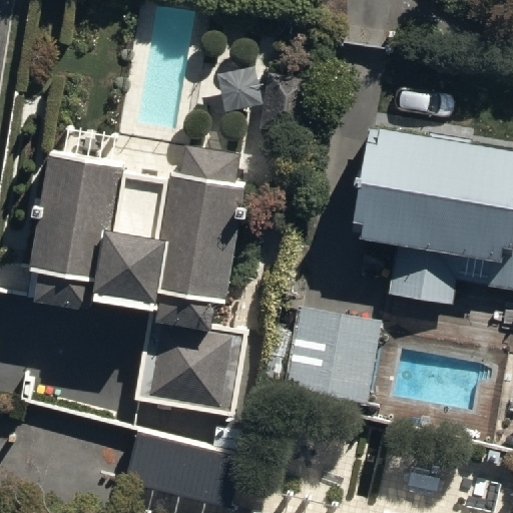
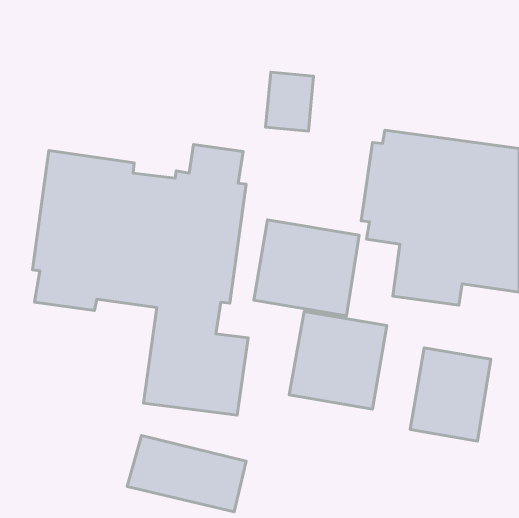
building: none -> [254,220,359,316]
building: none -> [410,348,491,441]

